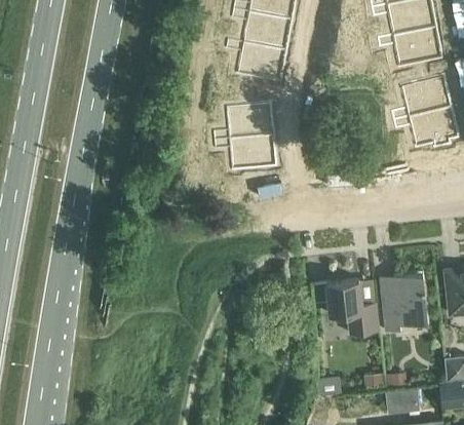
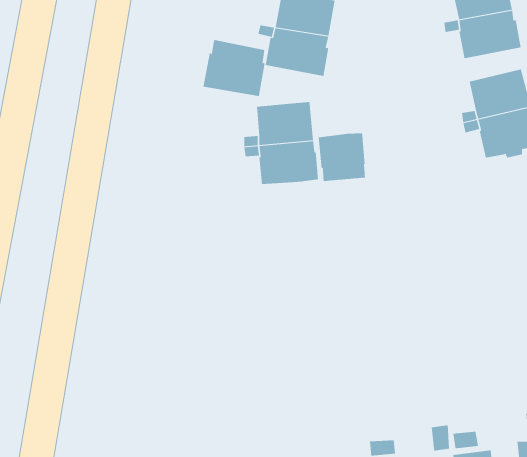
building: none -> [203,39,265,97]
building: none -> [318,133,365,182]
building: [382,269,427,329] -> none
building: [326,276,378,332] -> none

